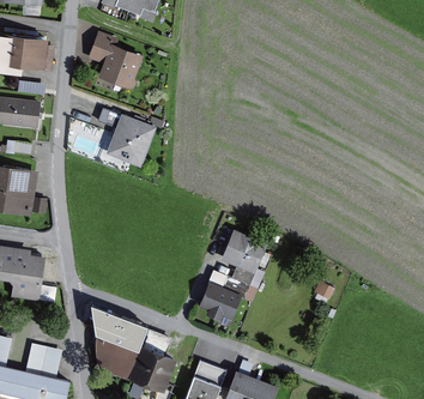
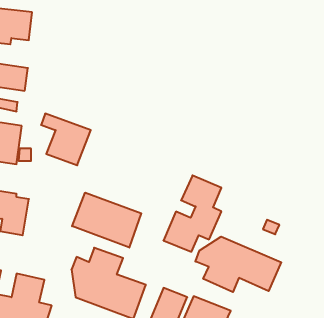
building: [90,32,146,98] -> none
building: [99,108,157,168] -> [41,114,91,165]
building: none -> [72,193,141,248]
building: none -> [195,237,281,292]

